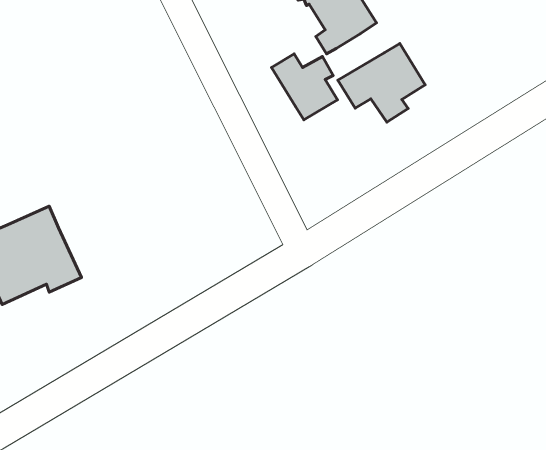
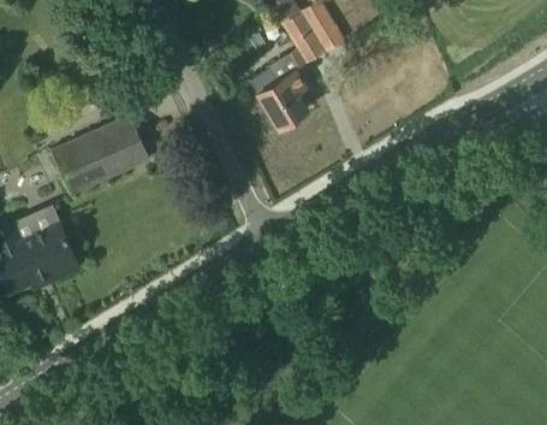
building: [338,43,425,122] -> none
building: none -> [52,117,150,195]

